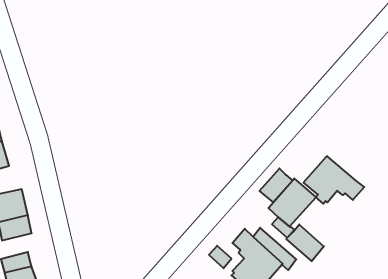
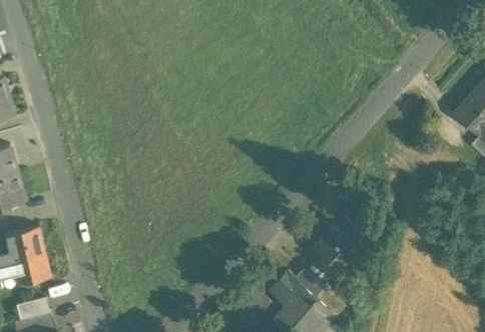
building: [304,156,364,204] -> none
building: [260,168,293,202] -> none
building: [286,224,324,261] -> none

